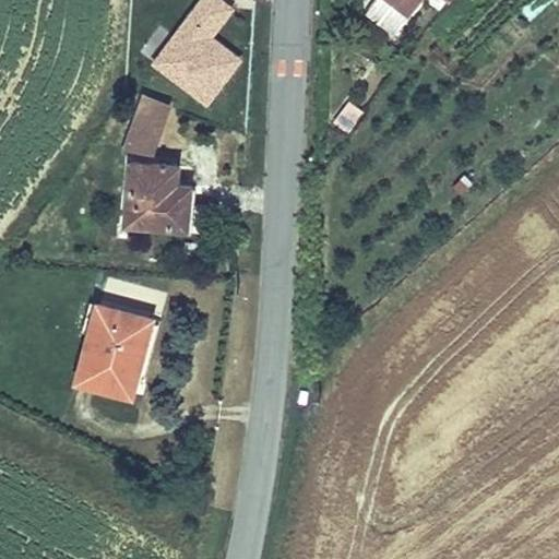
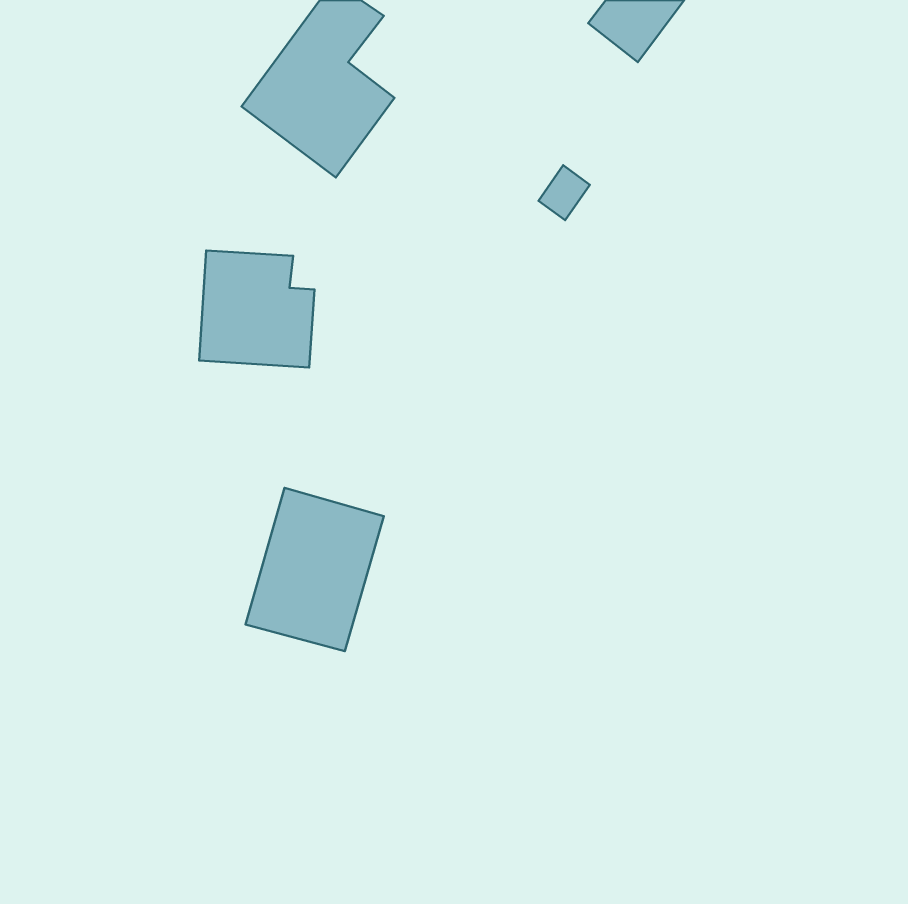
building: [122,93,173,157] -> none
building: [71,298,156,399] -> [245,488,384,651]

